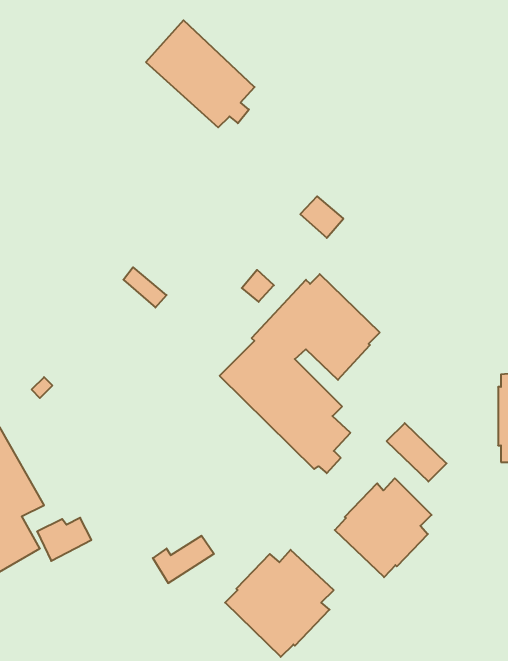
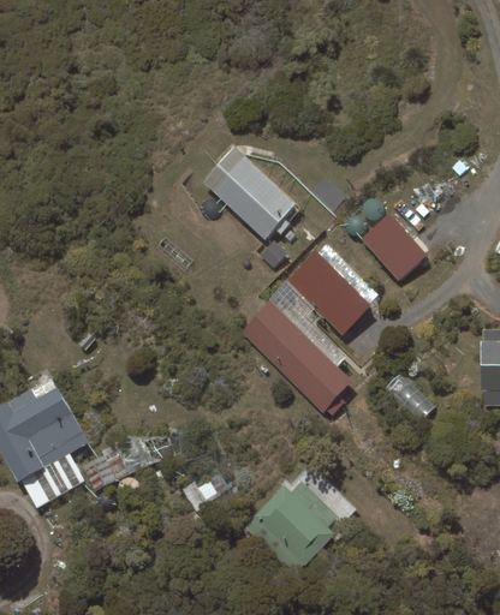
building: [146,20,255,127] -> [202,147,296,239]
building: none -> [361,213,428,281]
building: [335,478,432,577] -> none

